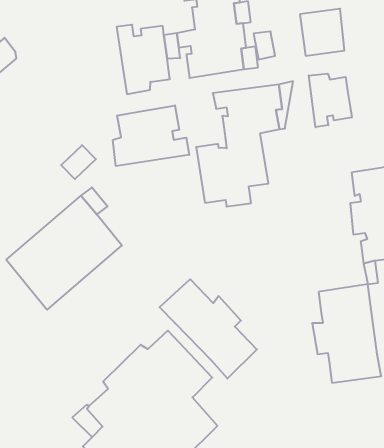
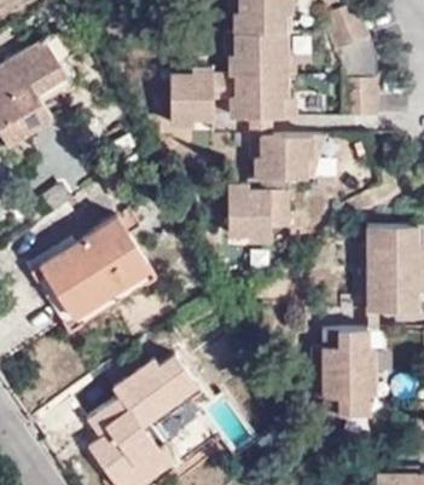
building: [309,74,352,127] -> none
building: [113,105,189,166] -> none
building: [160,279,257,379] -> none

